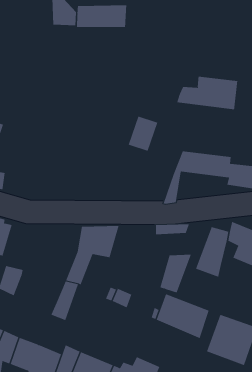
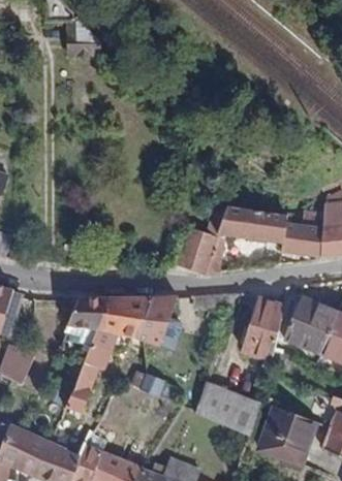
building: [77,4,127,28] -> none
building: [176,76,238,110] -> none
building: [128,116,158,151] -> [178,228,215,271]
building: none -> [68,299,103,330]
building: [159,254,192,293] -> [138,297,178,345]

